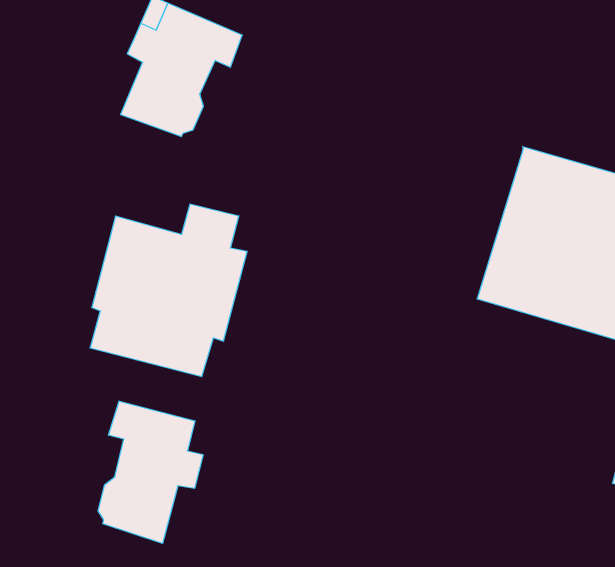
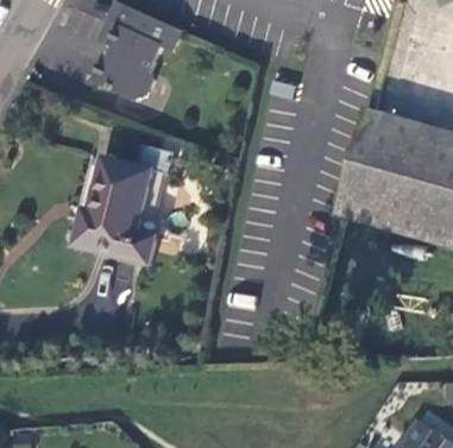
building: [98,401,203,543] -> none

